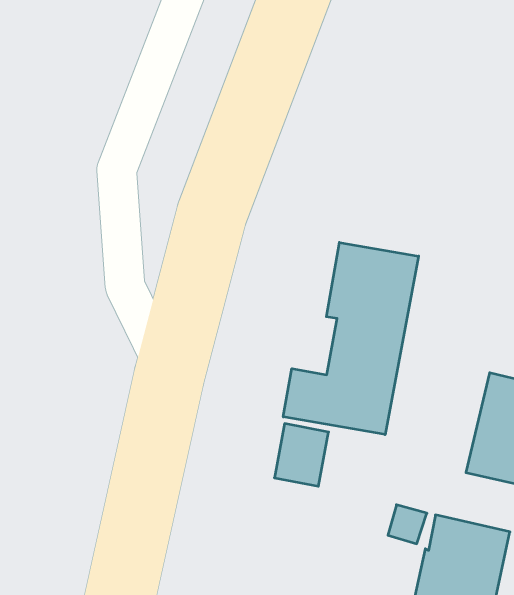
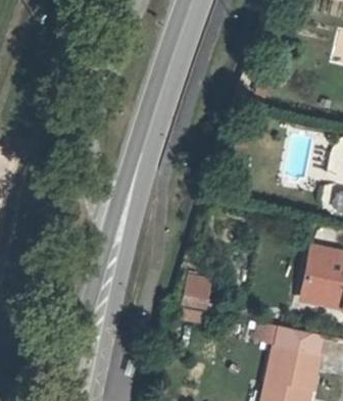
building: [283,242,419,435] -> none

